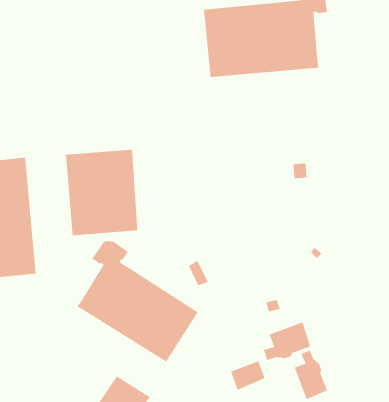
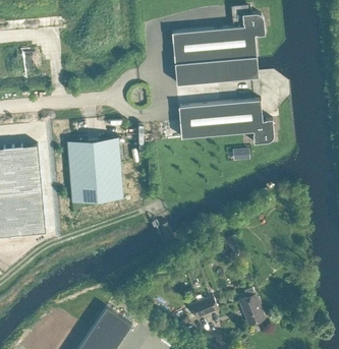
building: none -> [178,100,274,144]
building: [77,240,199,362] -> none
building: [263,321,311,361] -> none

